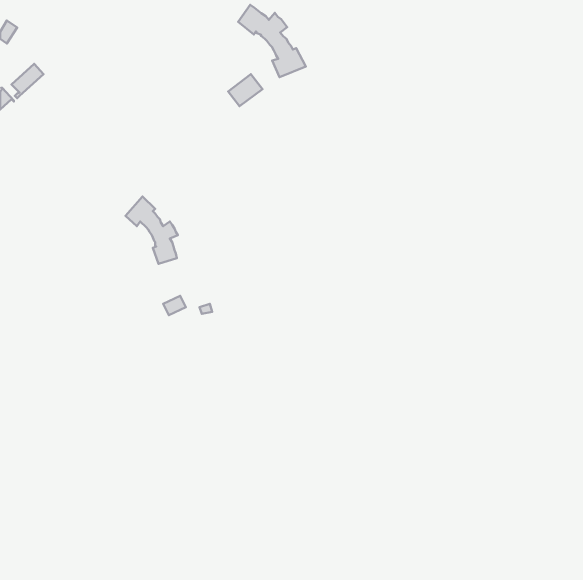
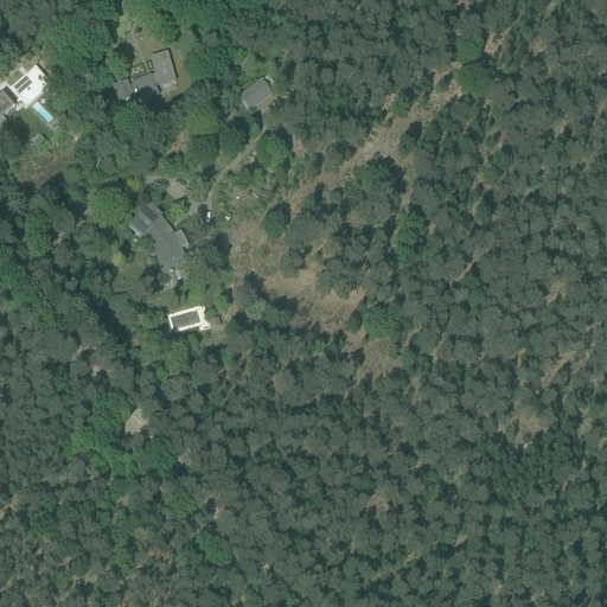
building: [238,5,306,77] -> none
building: none -> [111,51,174,101]

